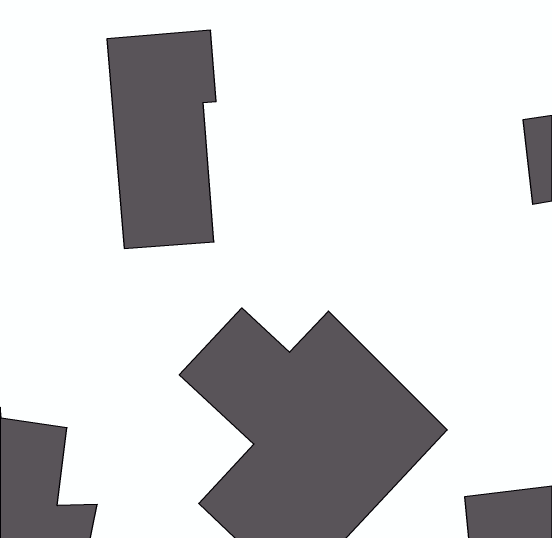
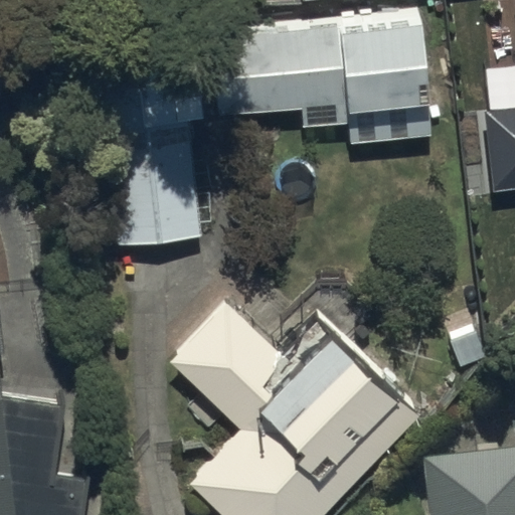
building: none -> [213,34,432,142]

